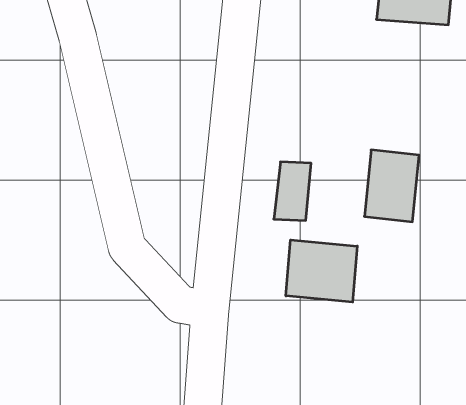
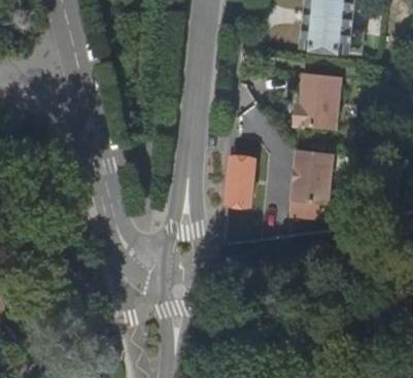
building: none -> [297,76,344,132]
building: [286,240,357,302] -> none

